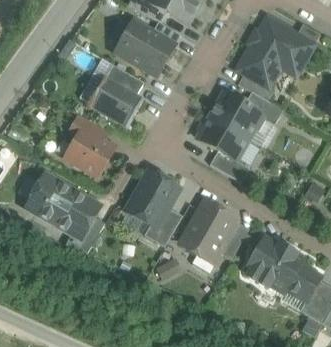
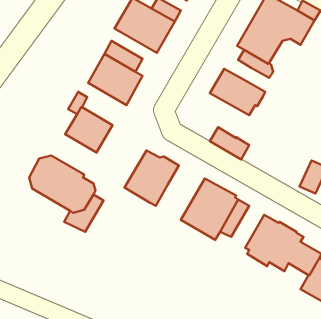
building: [244,91,283,125] -> none
building: [197,116,249,161] -> none
building: [144,207,182,246] -> none

